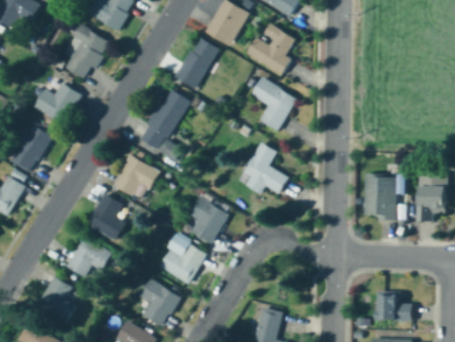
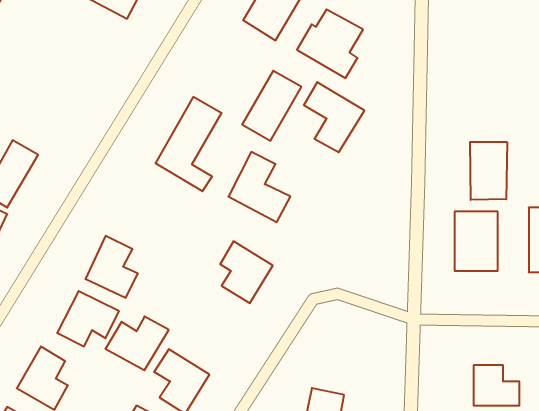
building: [63,24,110,81] -> none
building: [174,36,218,89] -> [242,71,301,141]
building: [33,83,81,124] -> none
building: none -> [470,142,507,200]
building: [243,143,289,195] -> [228,152,290,222]
building: [113,155,158,200] -> none
building: [159,243,206,283] -> [105,316,169,370]

